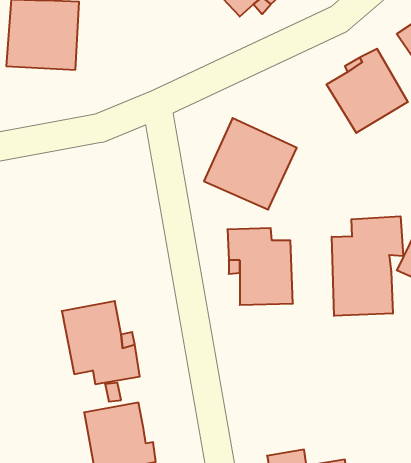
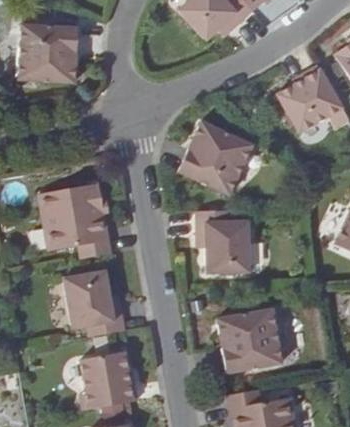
building: none -> [37,183,112,258]
building: [332,216,403,316] -> none
building: none -> [216,309,282,374]

